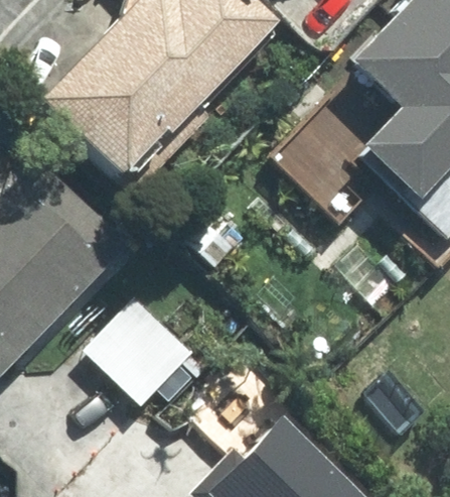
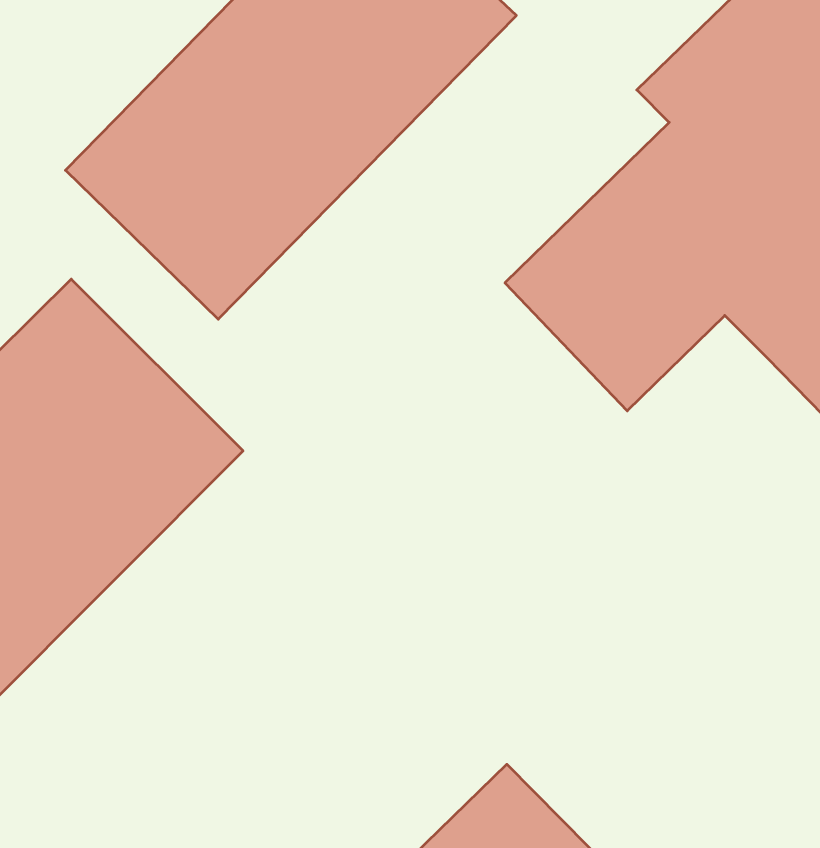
building: [84,293,201,410] -> none

